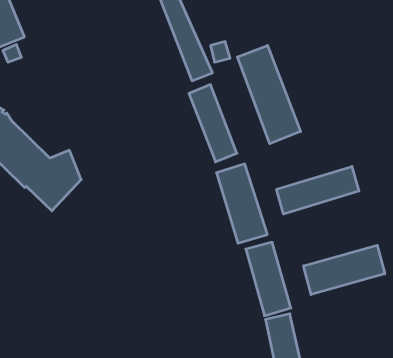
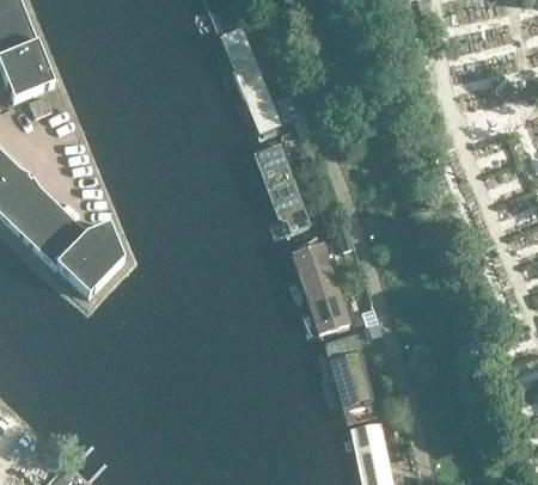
building: [237,45,301,144] -> none
building: [277,166,359,214] -> none
building: [304,245,385,295] -> none

